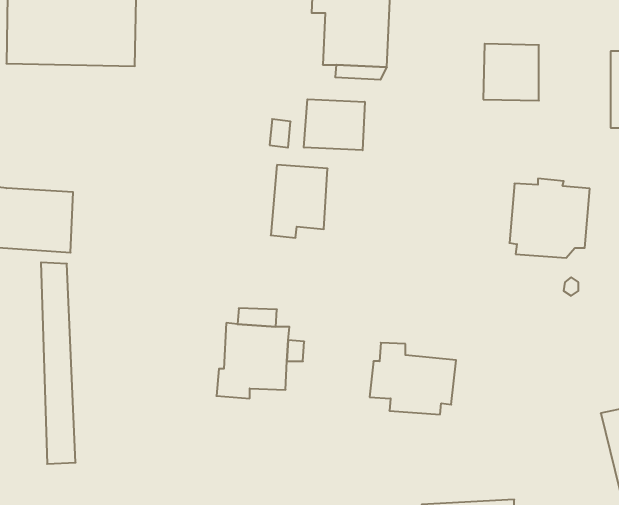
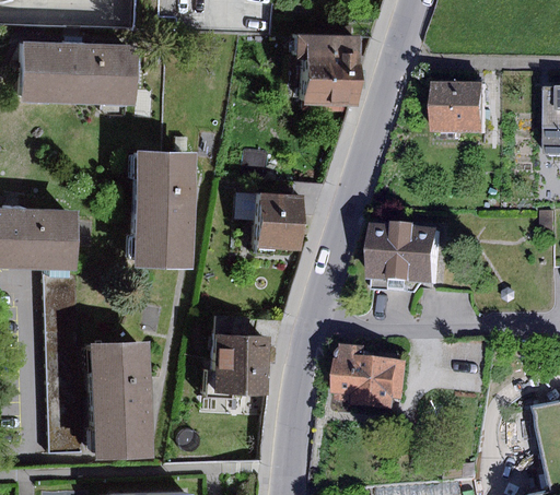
building: [304,99,365,150] -> none
building: none -> [130,155,192,263]
building: [509,179,590,258] -> [372,224,443,294]
building: none -> [81,335,147,455]

